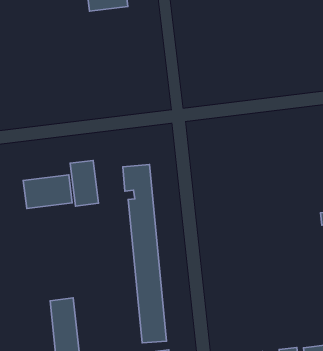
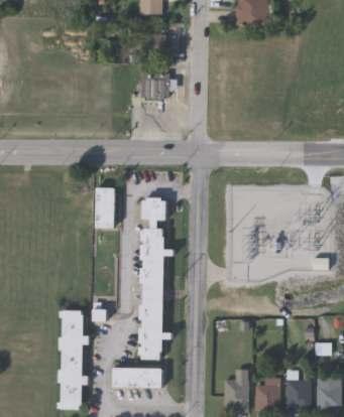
building: none -> [139,74,168,100]
building: [23,175,72,209] -> none

